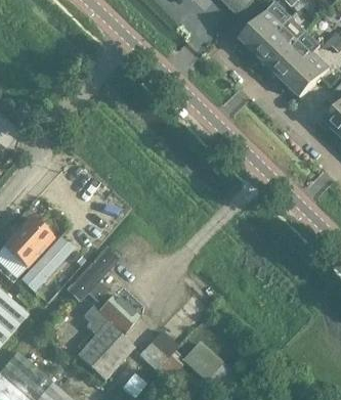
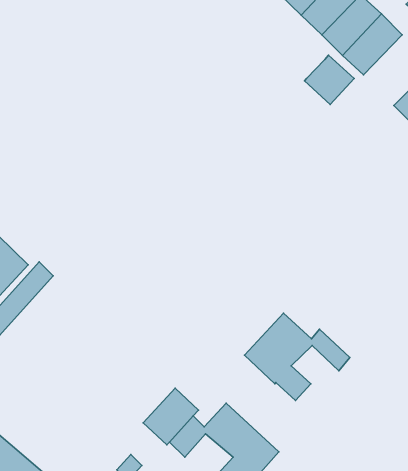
building: none -> [305,55,354,104]
building: [65,247,118,302] -> none
building: none -> [245,313,350,401]
building: [77,294,138,379] -> none

